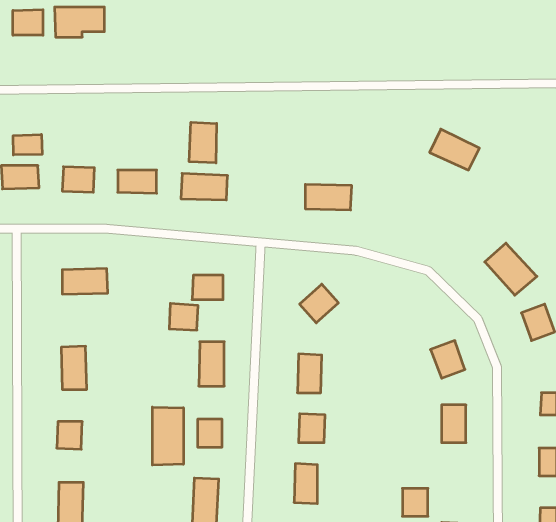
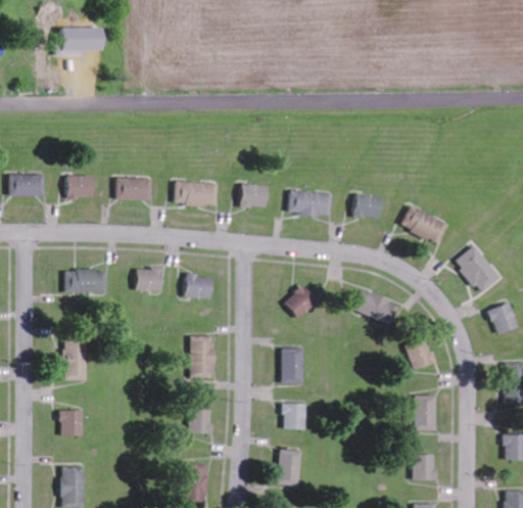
building: [13,10,43,35] -> none
building: [189,122,217,163] -> none
building: [430,129,479,170] -> [399,204,445,242]
building: [13,134,42,155] -> none
building: none -> [239,184,268,207]
building: none -> [354,195,380,216]
building: none -> [353,288,399,325]
building: [169,303,198,330] -> [137,267,163,291]
building: [152,407,183,465] -> none
building: [402,488,428,516] -> [412,455,435,480]

